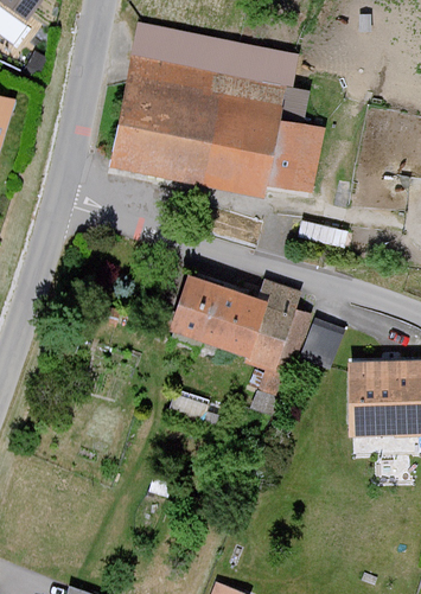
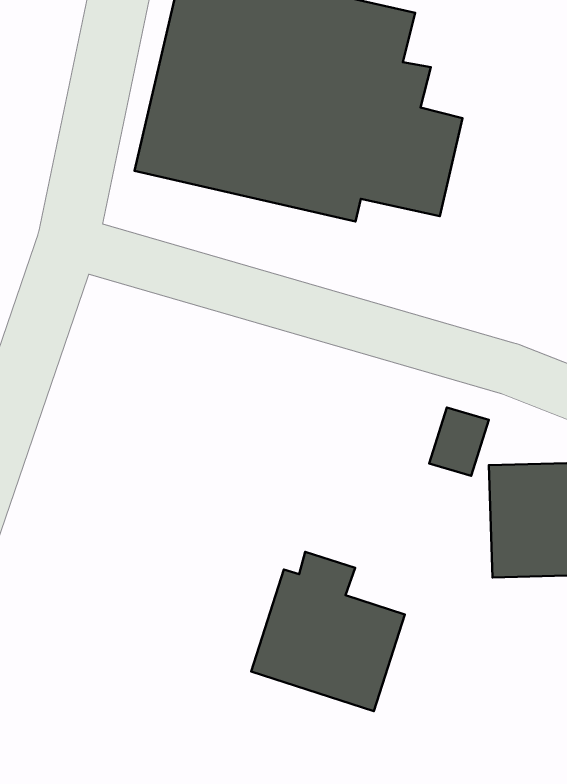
building: [164,273,314,376] -> none
building: none -> [251,552,405,711]

